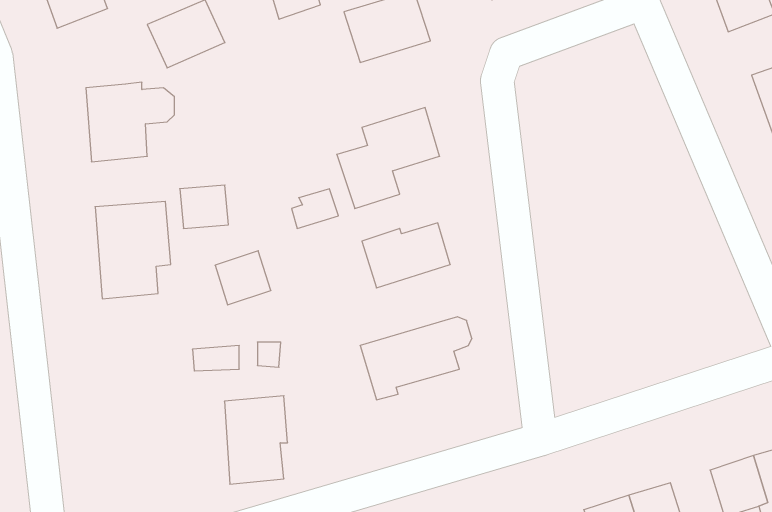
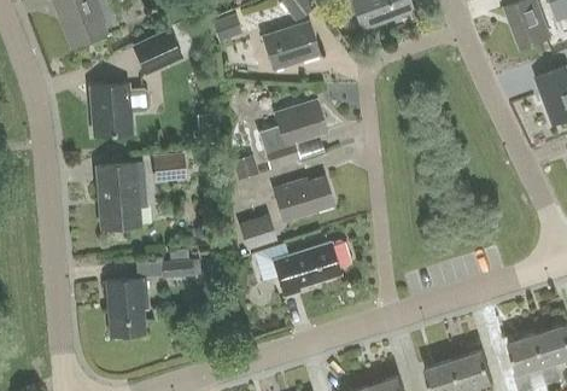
building: [215,251,271,305] -> [238,214,275,250]
building: [224,396,288,484] -> [106,278,148,337]

